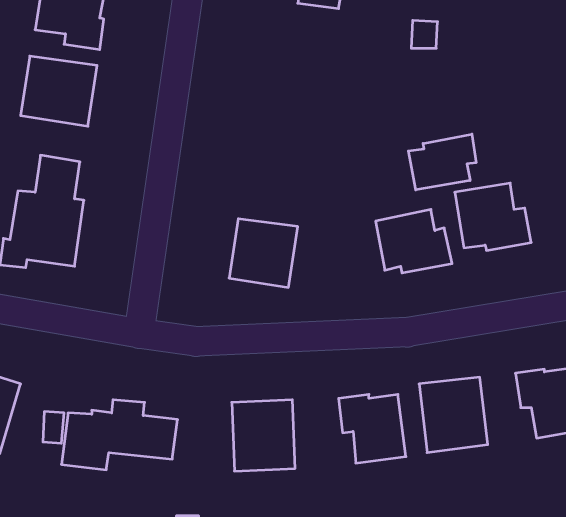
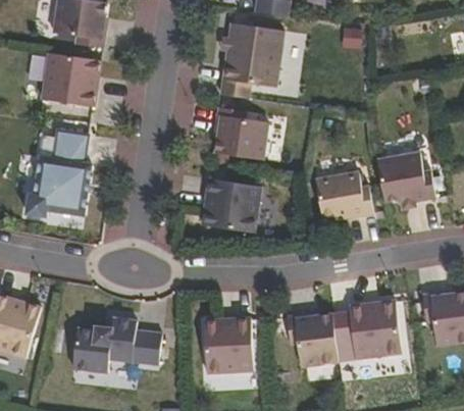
building: none -> [221,22,285,98]
building: none -> [215,107,268,160]
building: [408,134,476,190] -> none

